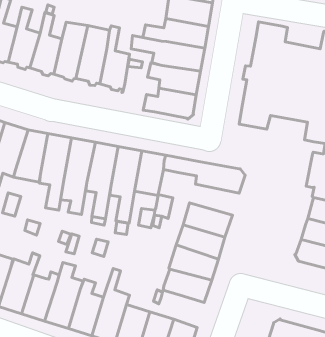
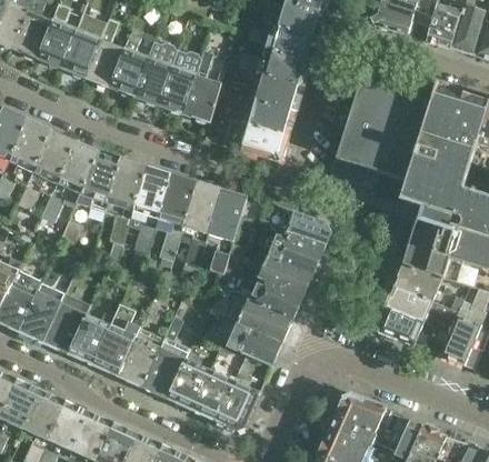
building: none -> [268,234,323,273]

